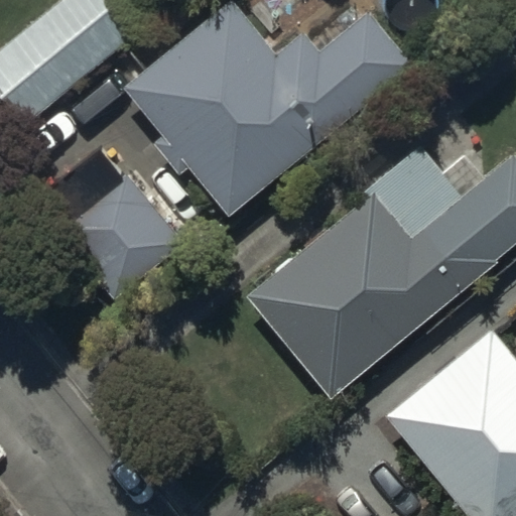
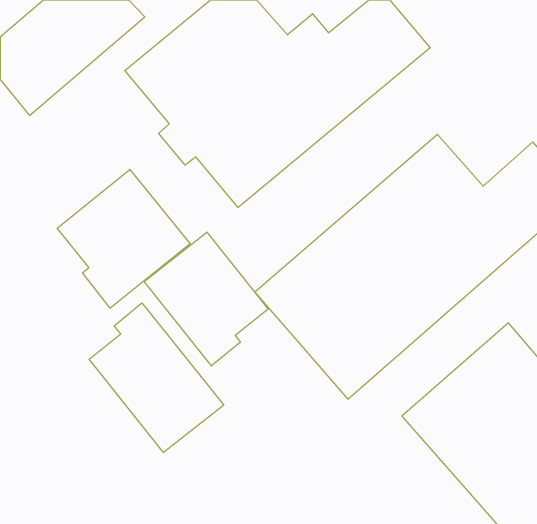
building: none -> [144,232,268,366]
building: none -> [89,303,224,453]

